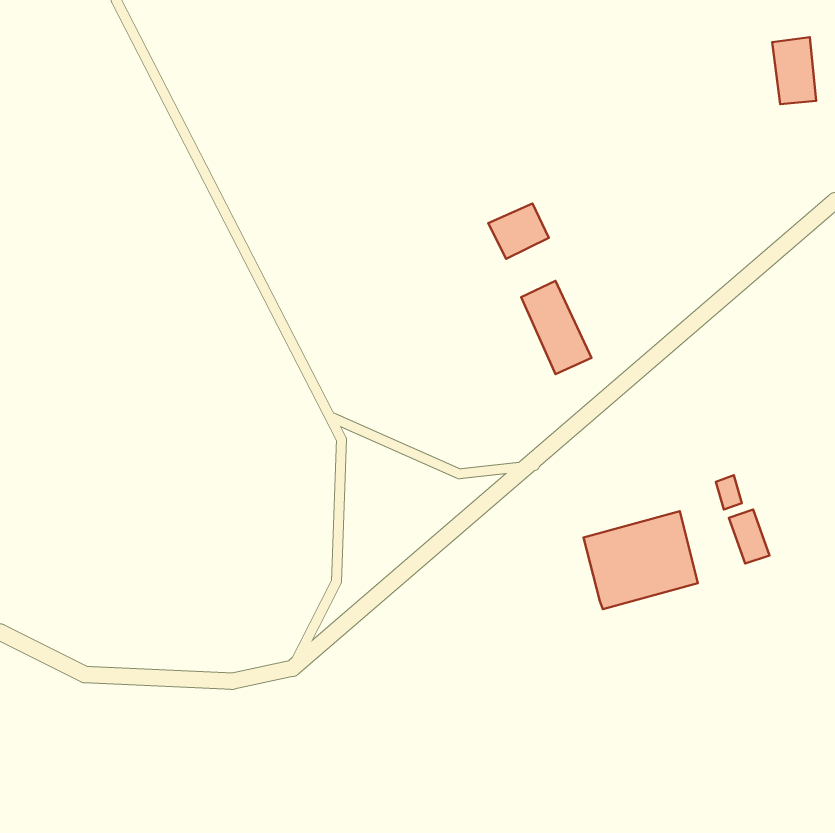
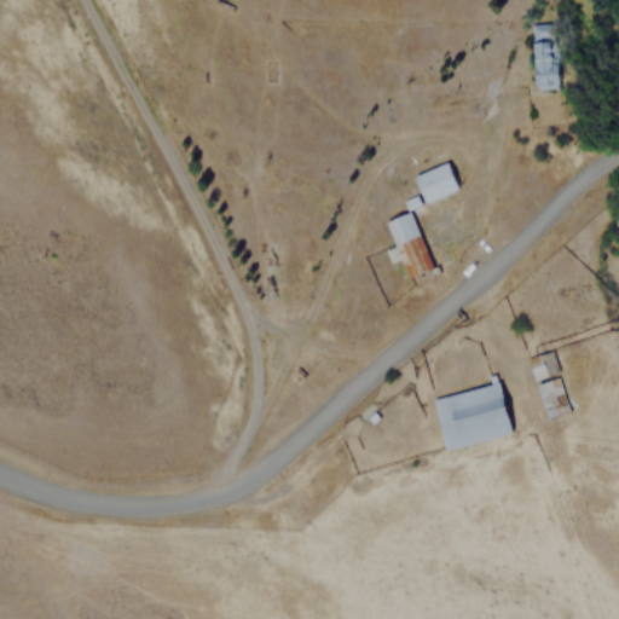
building: [772,37,816,104] -> [528,39,561,88]
building: [488,203,549,259] -> [415,162,459,203]

